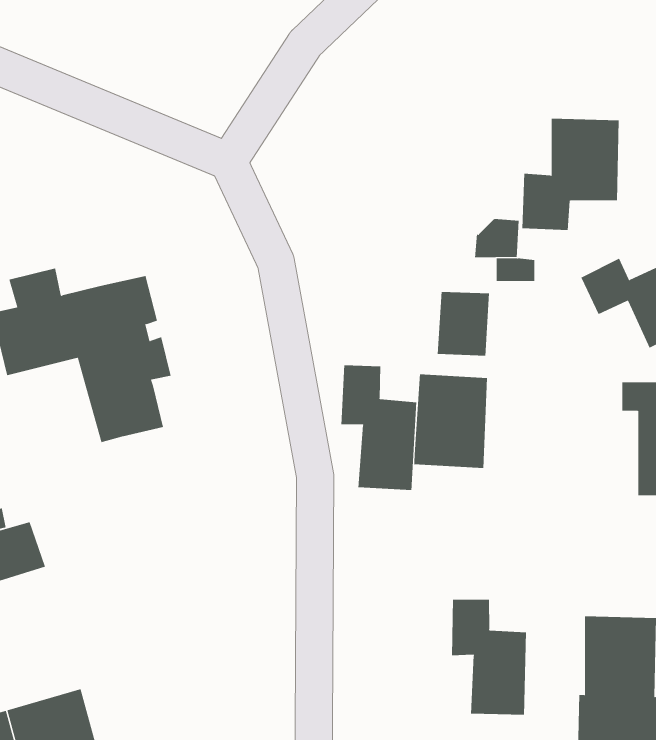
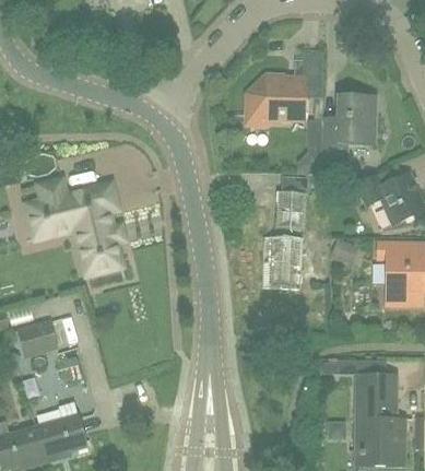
building: none -> [248,51,323,122]
building: [341,364,417,491] -> none
building: [452,599,527,716] -> none

